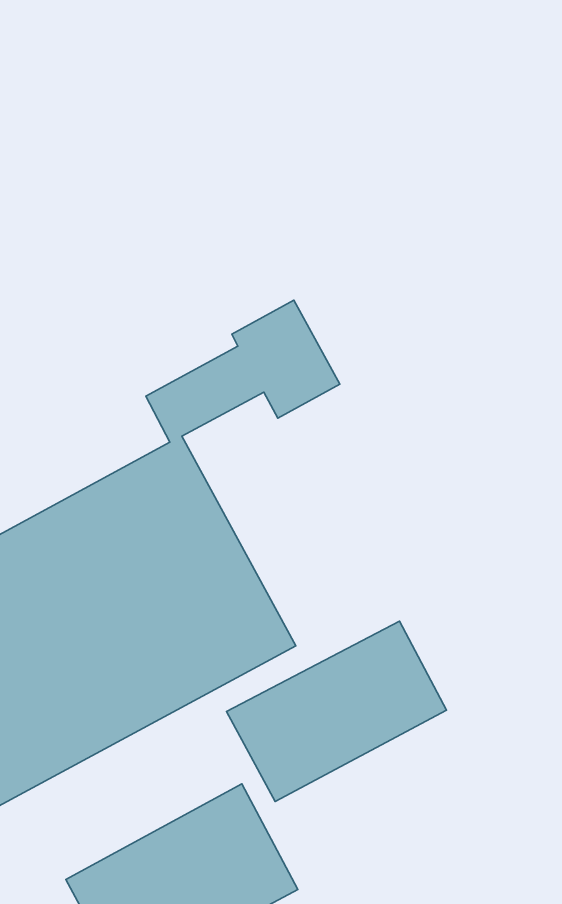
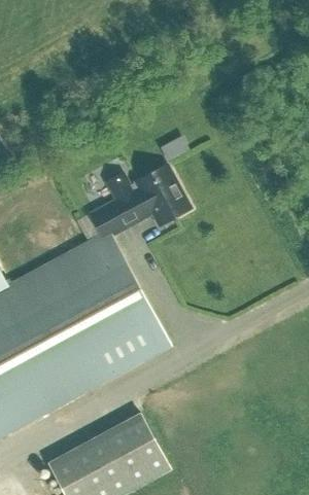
building: [227,621,446,801] -> none

